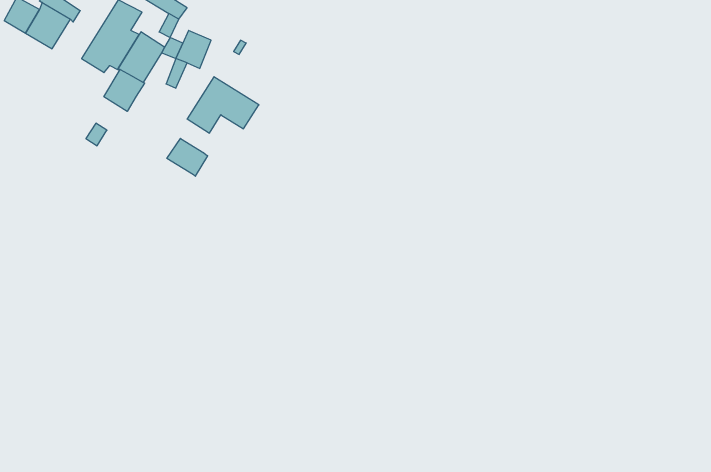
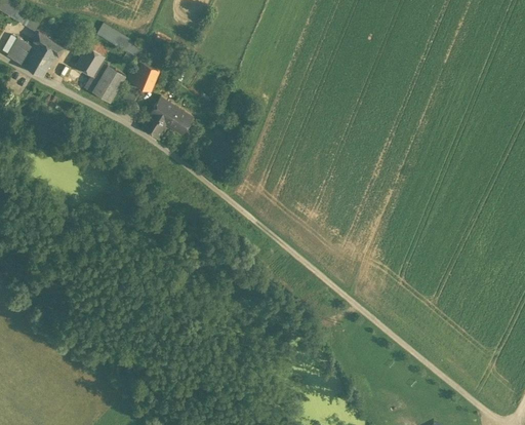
building: [104,69,145,111] -> none
building: [167,138,208,176] -> none

